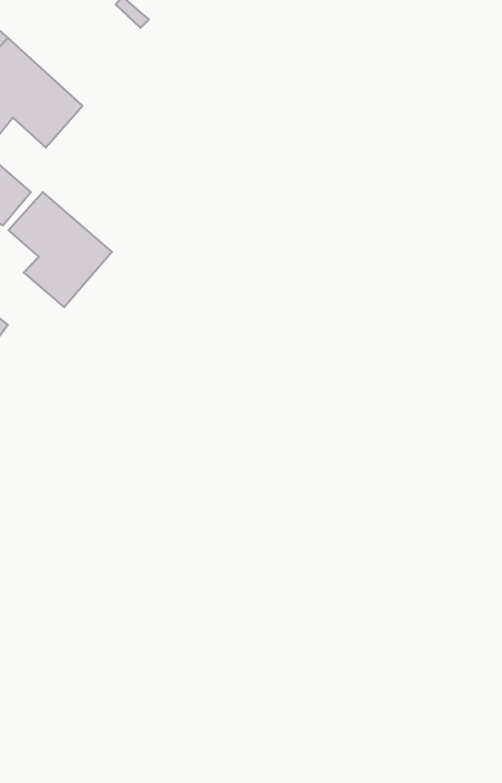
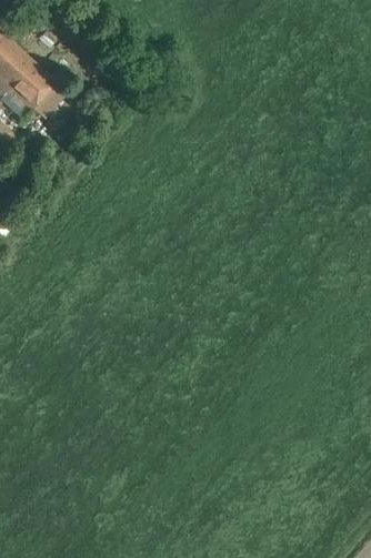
building: [9,192,112,307] -> none

